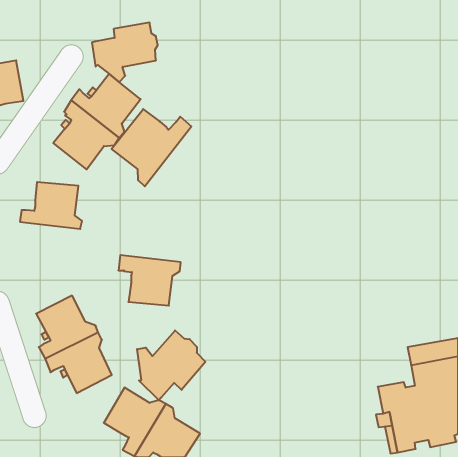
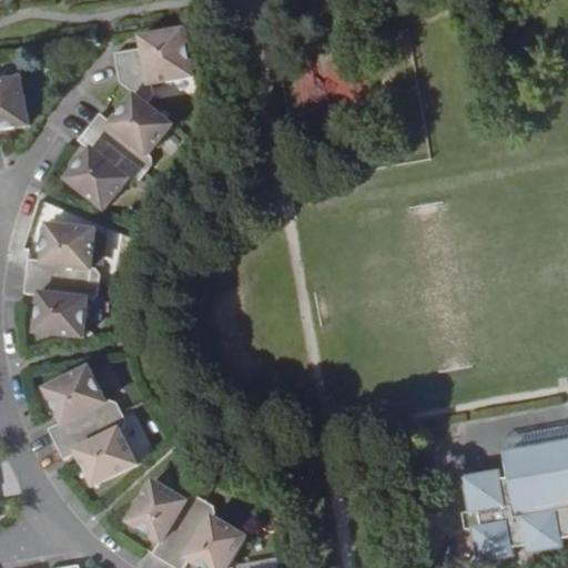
building: [112,109,191,186] -> none
building: [118,255,181,306] -> [22,273,99,335]
building: [137,330,205,400] -> none

